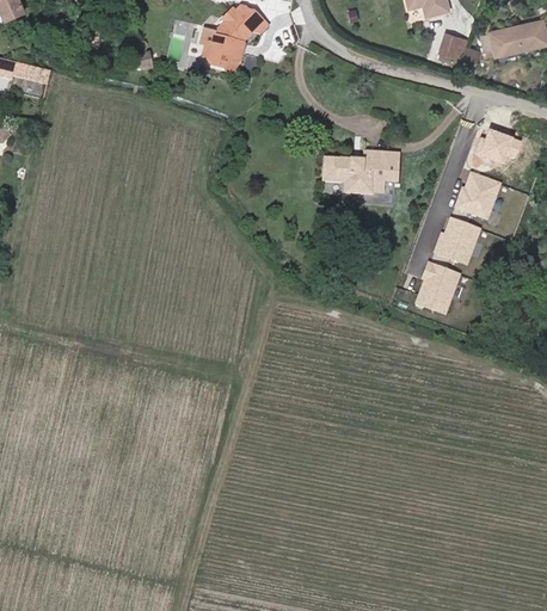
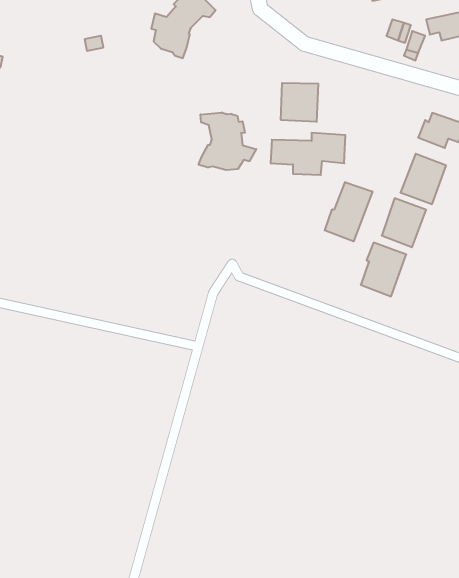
building: none -> [281,83,318,122]
building: none -> [199,112,256,170]
building: none -> [325,182,372,241]

